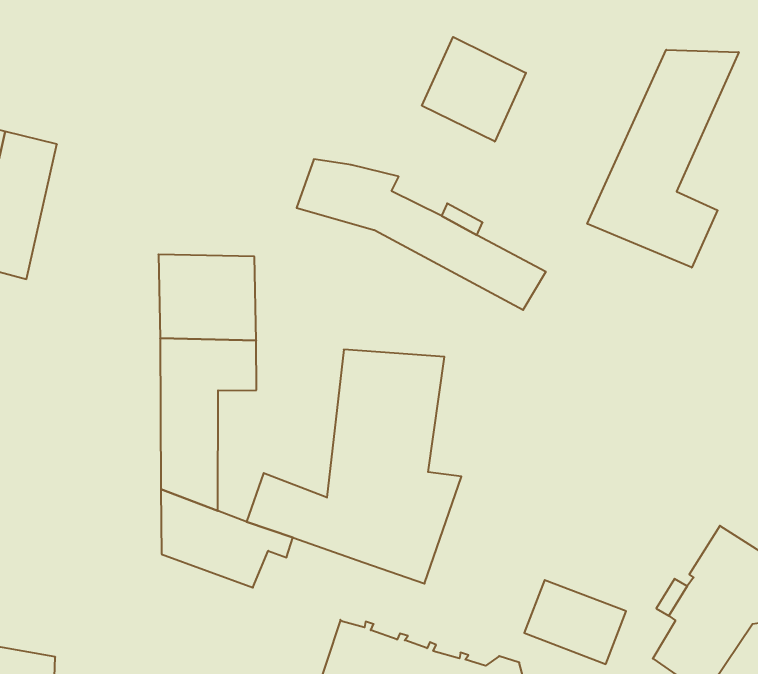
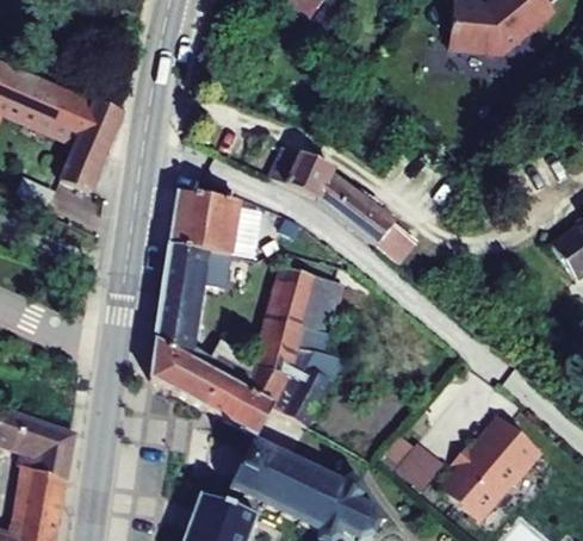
building: [422,37,526,142] -> none
building: [587,50,739,268] -> none
building: none -> [204,380,275,437]

